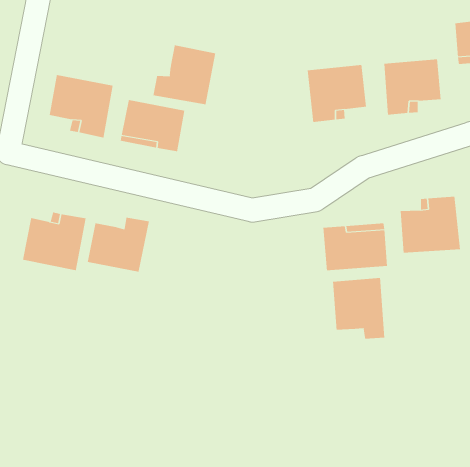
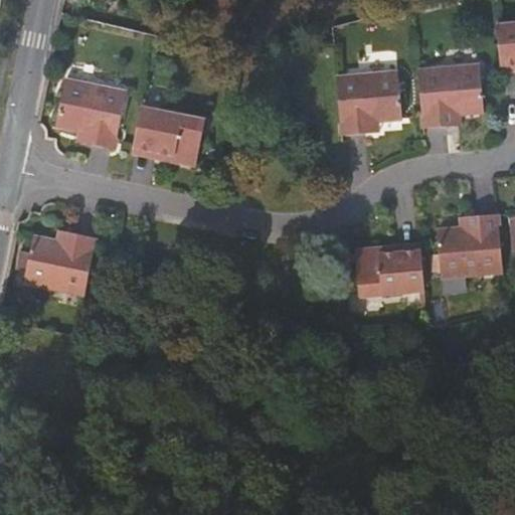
building: [153,44,216,105] -> none
building: [87,217,150,272] -> none
building: [332,277,385,339] -> none

